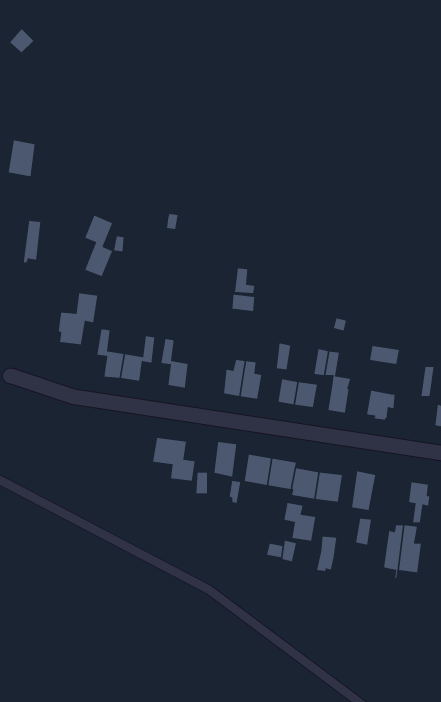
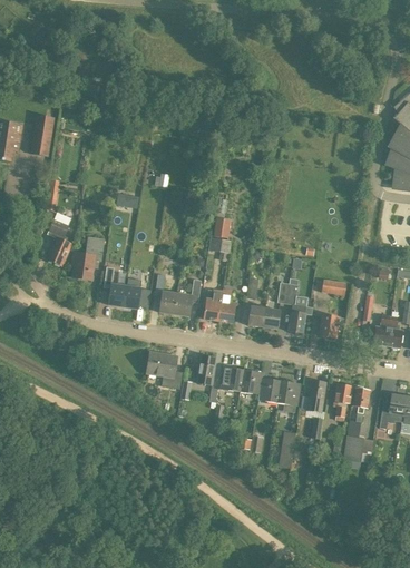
building: [84,215,113,277] -> [48,215,71,265]
building: none -> [175,280,202,316]
building: none -> [333,384,354,421]
building: [283,502,316,542] -> none

